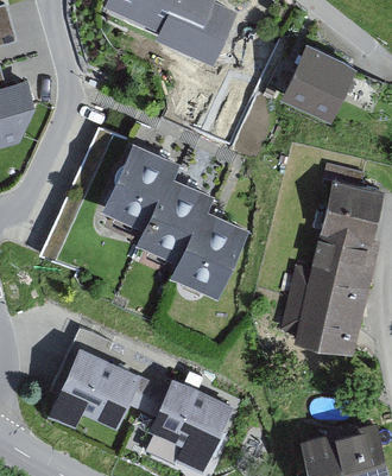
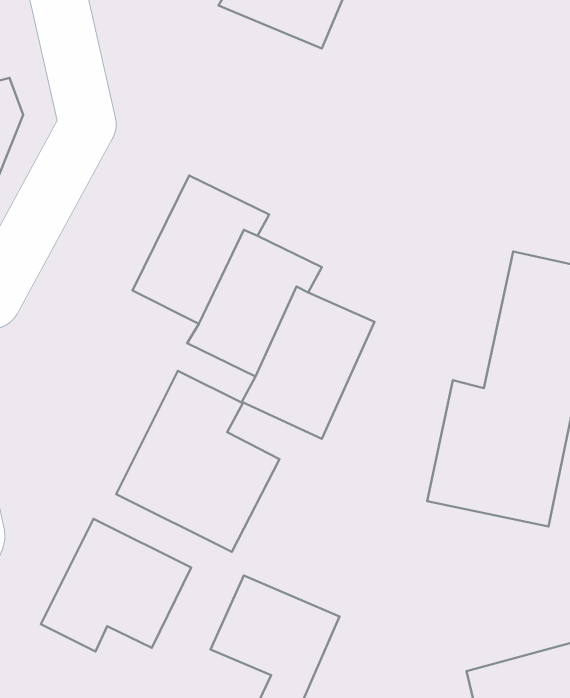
building: [282,44,355,120] -> none
building: none -> [116,371,279,552]

